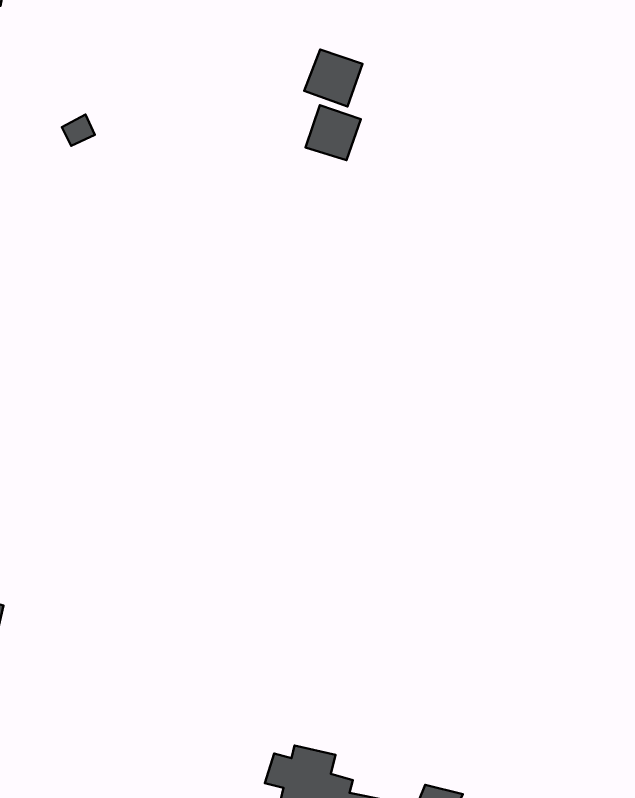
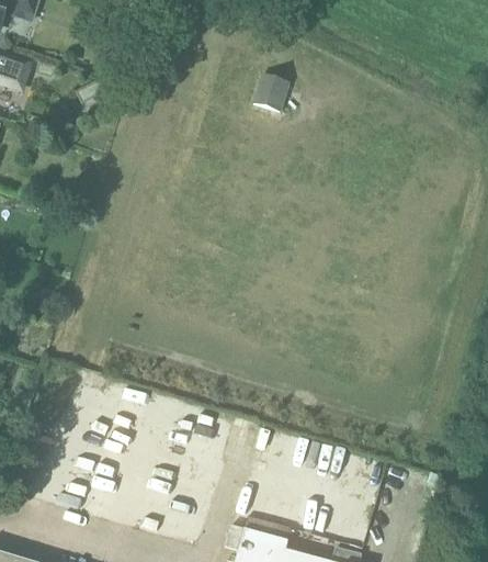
building: [304,49,362,107] -> none

